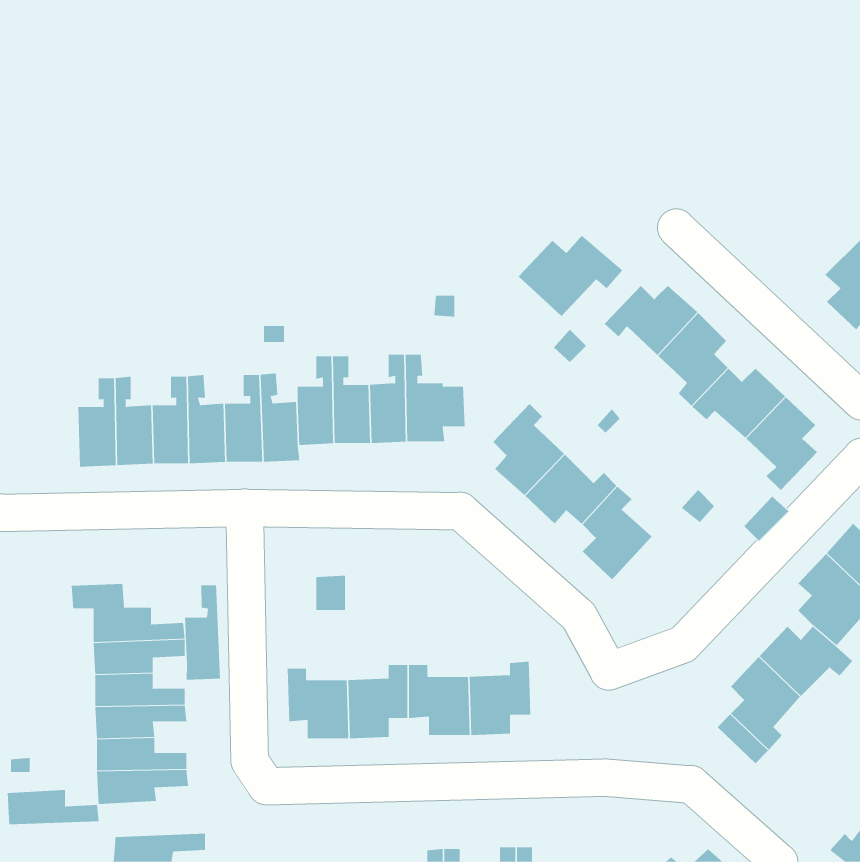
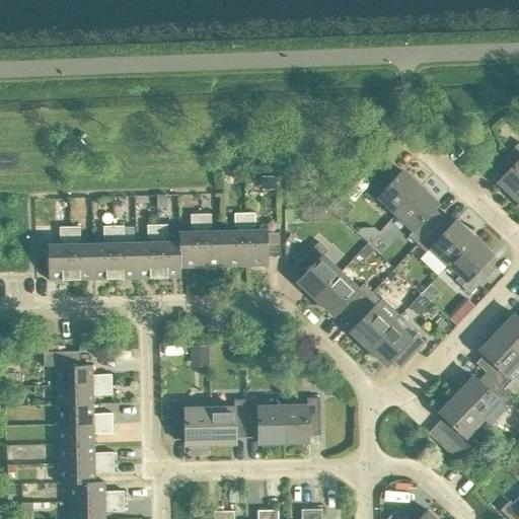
building: [518,235,623,317] -> none
building: none -> [369,322,425,366]
building: [185,584,221,681] -> none
building: [7,789,99,825] -> [69,481,125,503]

